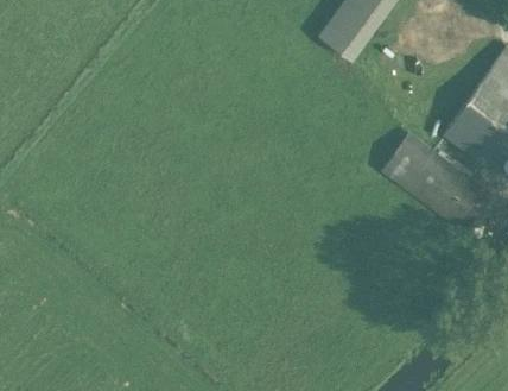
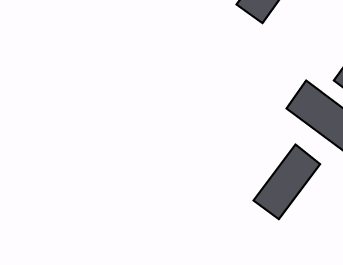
building: none -> [254,144,320,219]

